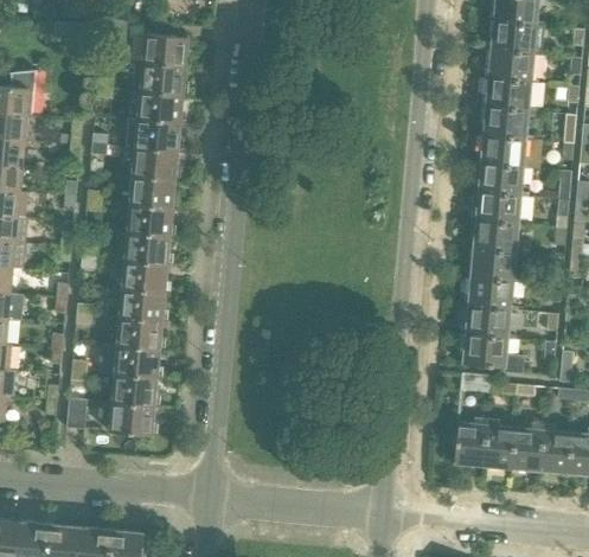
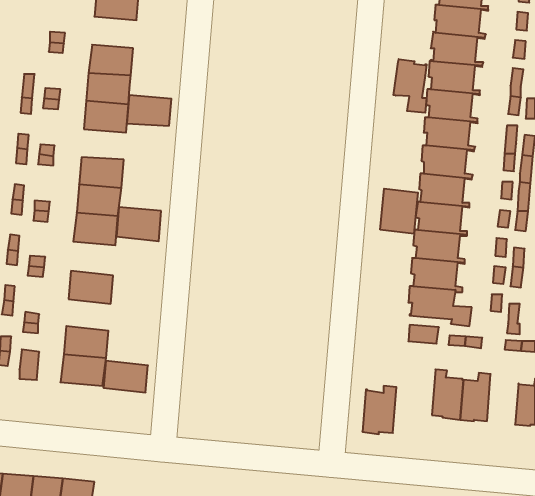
building: [140,62,185,94] -> none
building: none -> [393,59,427,113]
building: [129,175,174,206] -> [127,95,171,126]
building: none -> [380,189,418,234]
building: [119,289,164,324] -> [117,207,161,241]
building: [114,347,159,379] -> [103,361,148,392]
building: [453,417,487,466] -> [362,386,396,434]
building: [539,423,571,474] -> none

